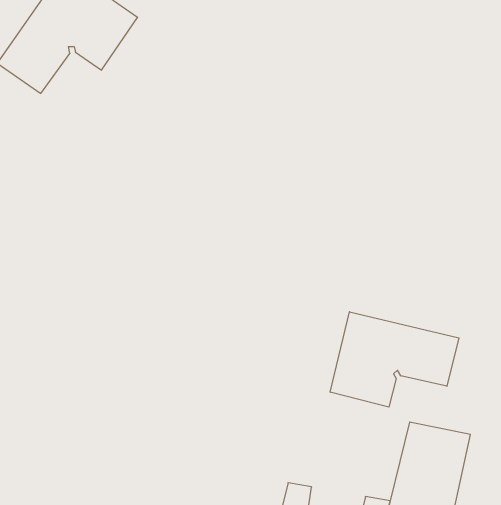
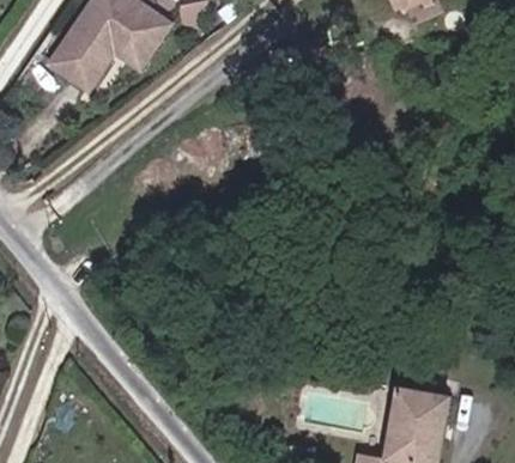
building: [330,312,459,407] -> none

